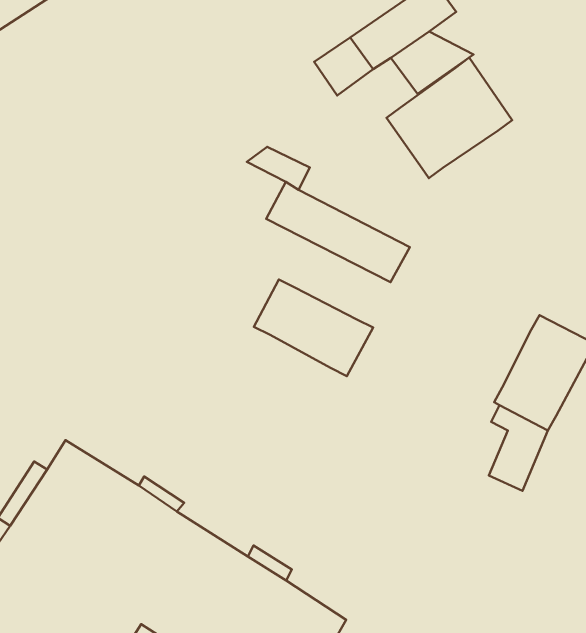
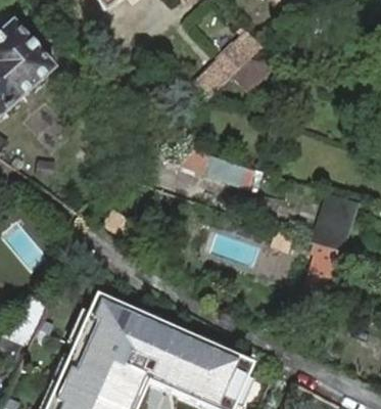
building: [386,58,512,178] -> none
building: [254,279,373,376] -> none

